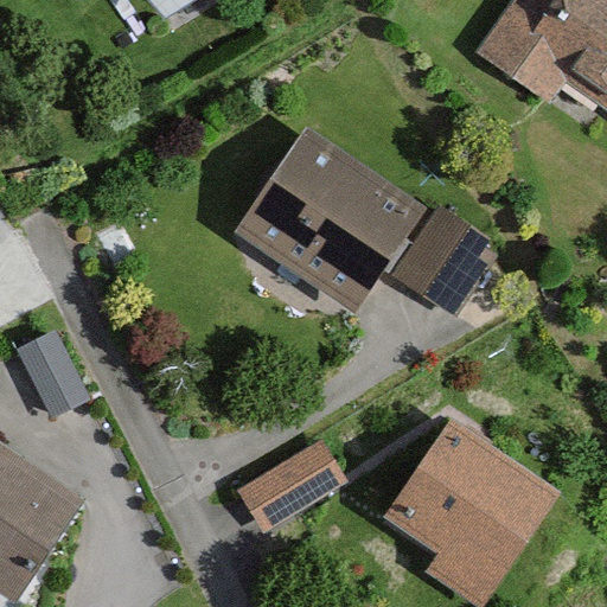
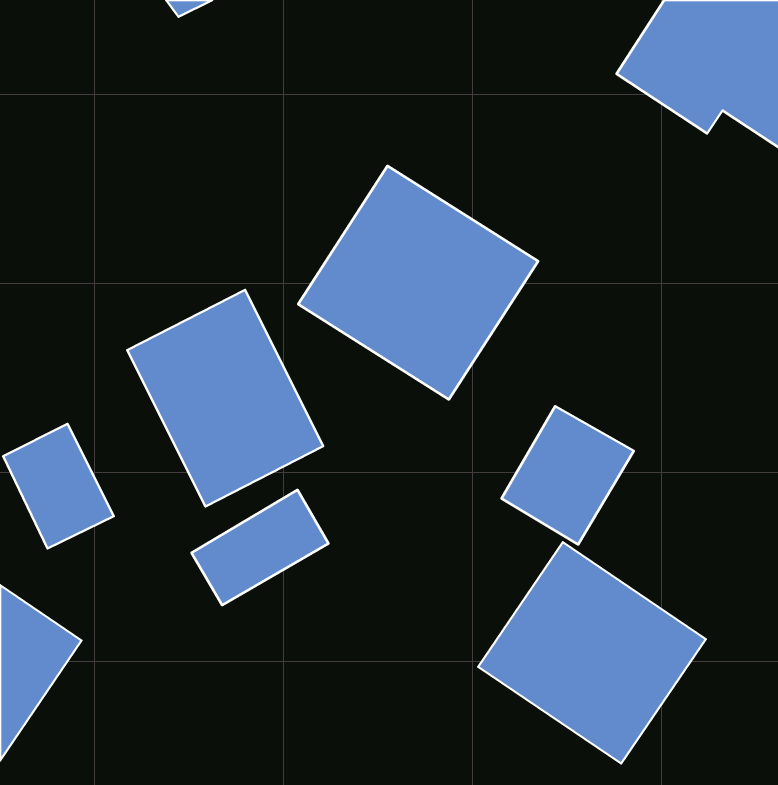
building: [400,207,501,314] -> [501,406,634,544]
building: none -> [127,290,323,506]
building: [245,437,351,526] -> [192,490,328,605]

